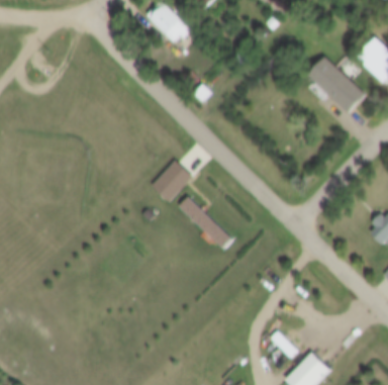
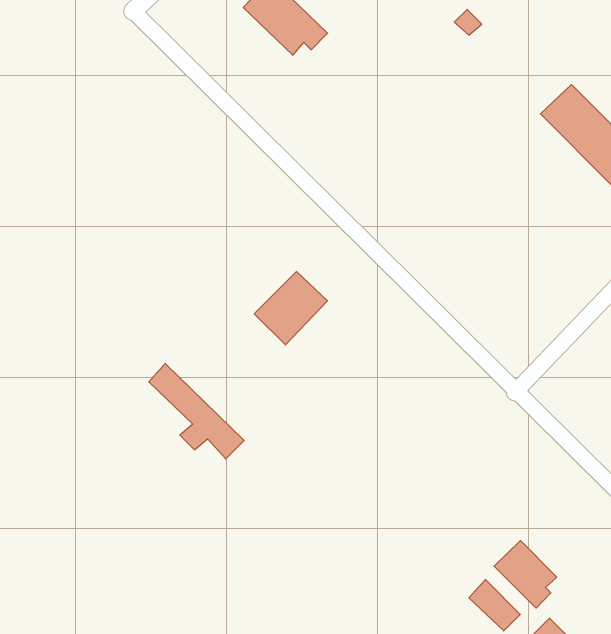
building: [179,197,231,250] -> [149,364,244,459]
building: none -> [494,541,557,608]

